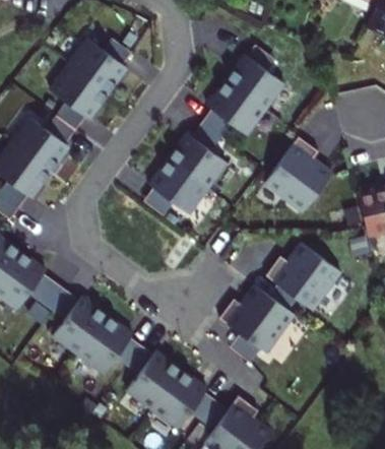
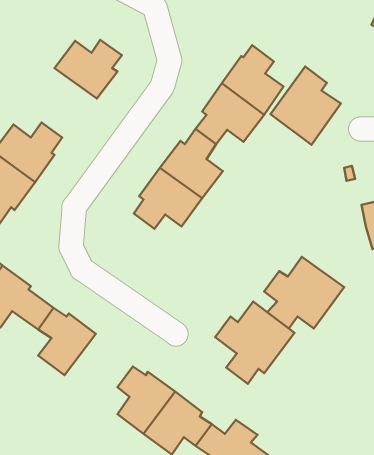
building: [51,67,109,132] -> none
building: [264,140,330,213] -> [270,67,341,145]
building: [78,316,142,374] -> none

